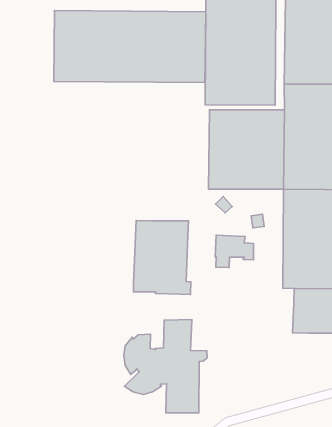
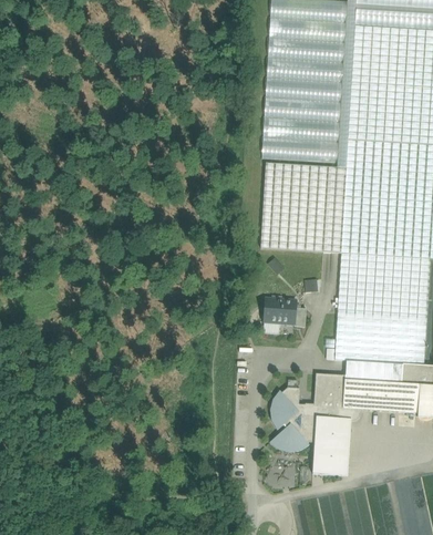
building: [54,11,206,83] -> none
building: [133,220,191,294] -> none
building: [124,320,207,413] -> [269,373,360,475]

